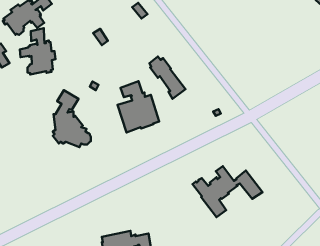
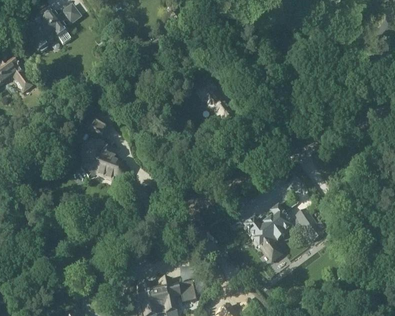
building: [20,28,55,74] -> none
building: [118,81,159,132] -> none

